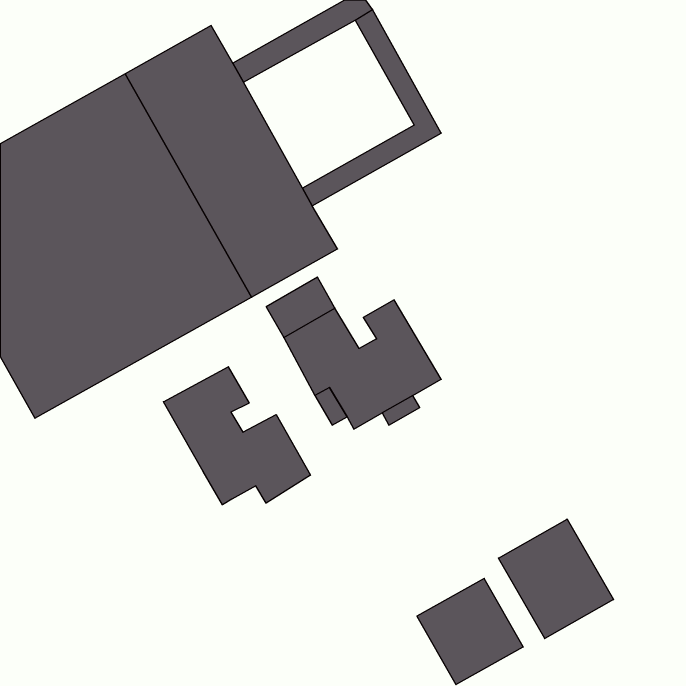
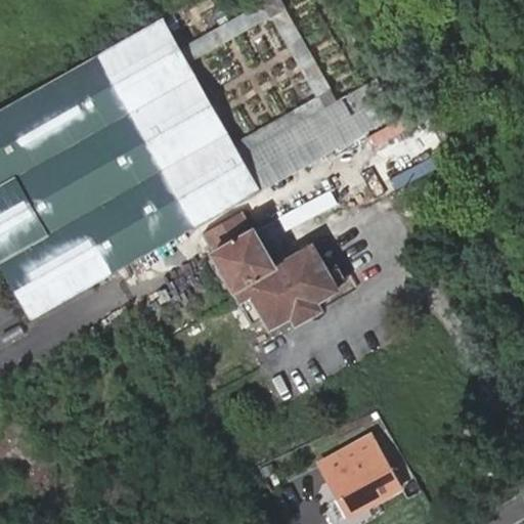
building: none -> [238,78,400,190]
building: [163,367,310,505] -> none
building: [498,519,614,639] -> none

